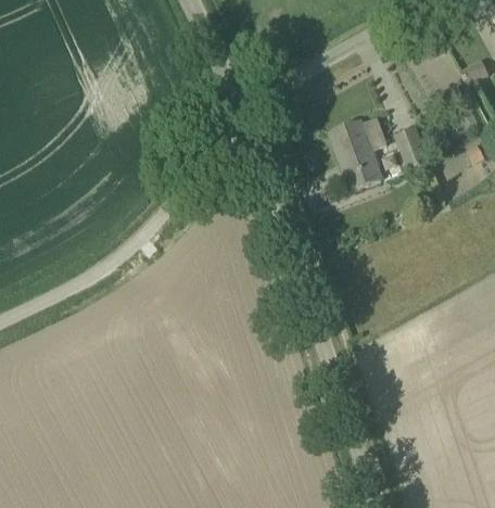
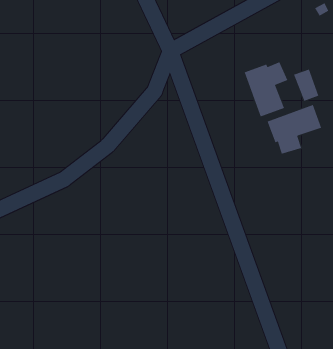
building: none -> [267,104,322,155]

